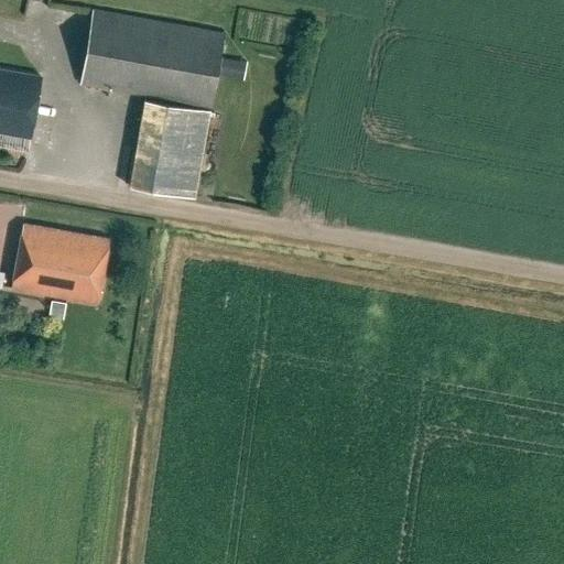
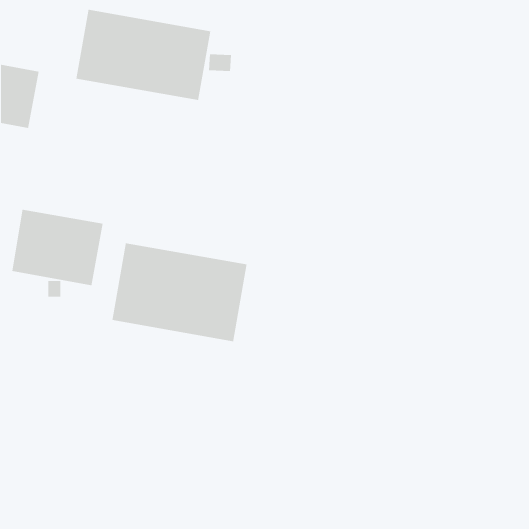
building: [128,100,210,199] -> none
building: none -> [112,242,247,342]

